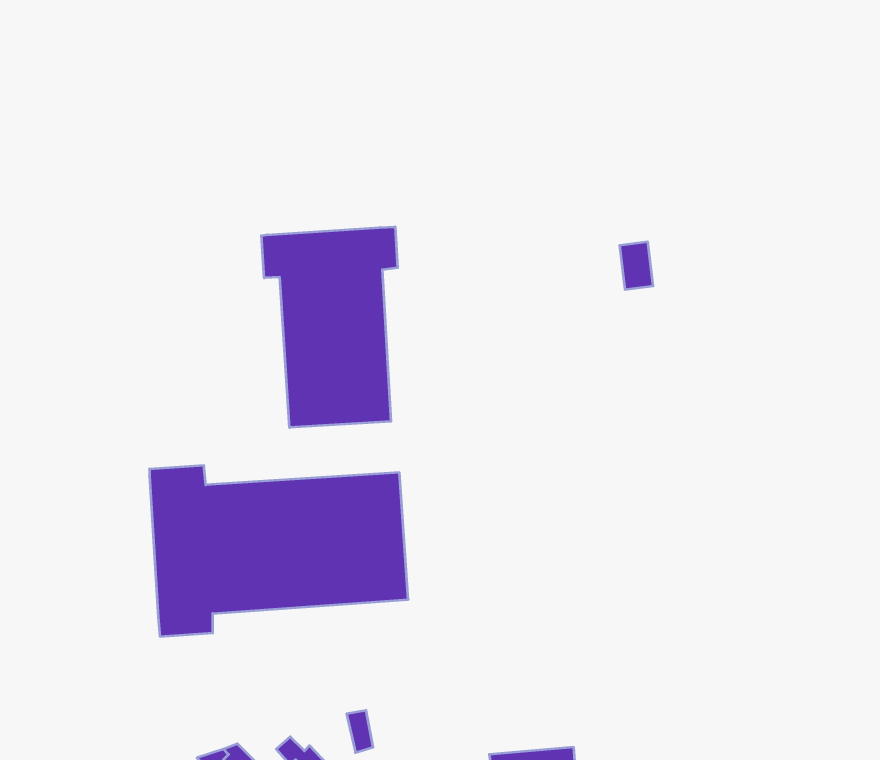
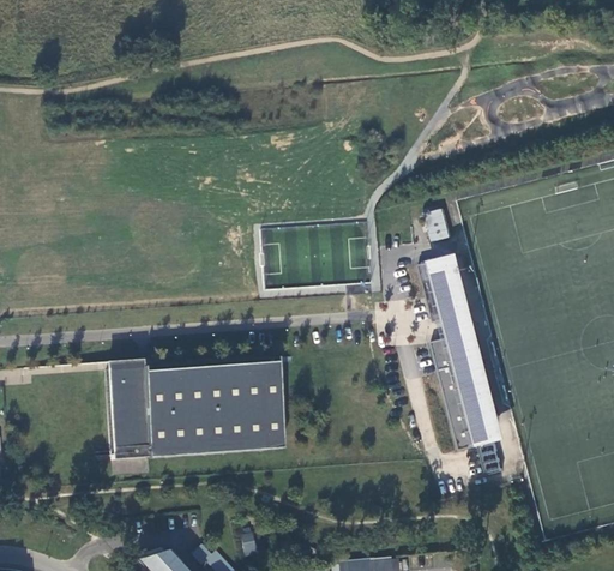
building: [261,227,398,428] -> none
building: none -> [421,250,510,474]

